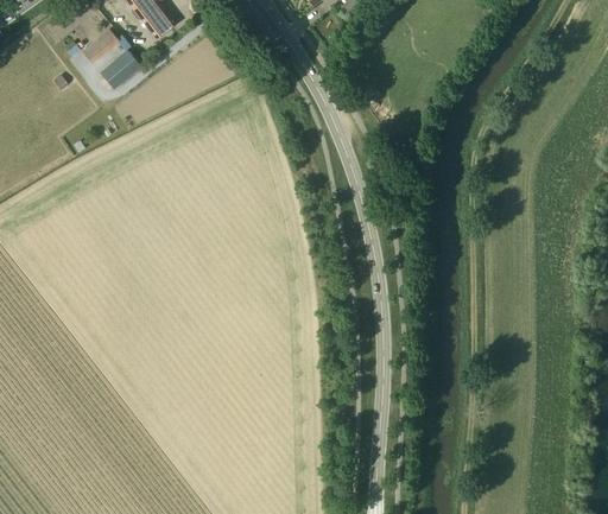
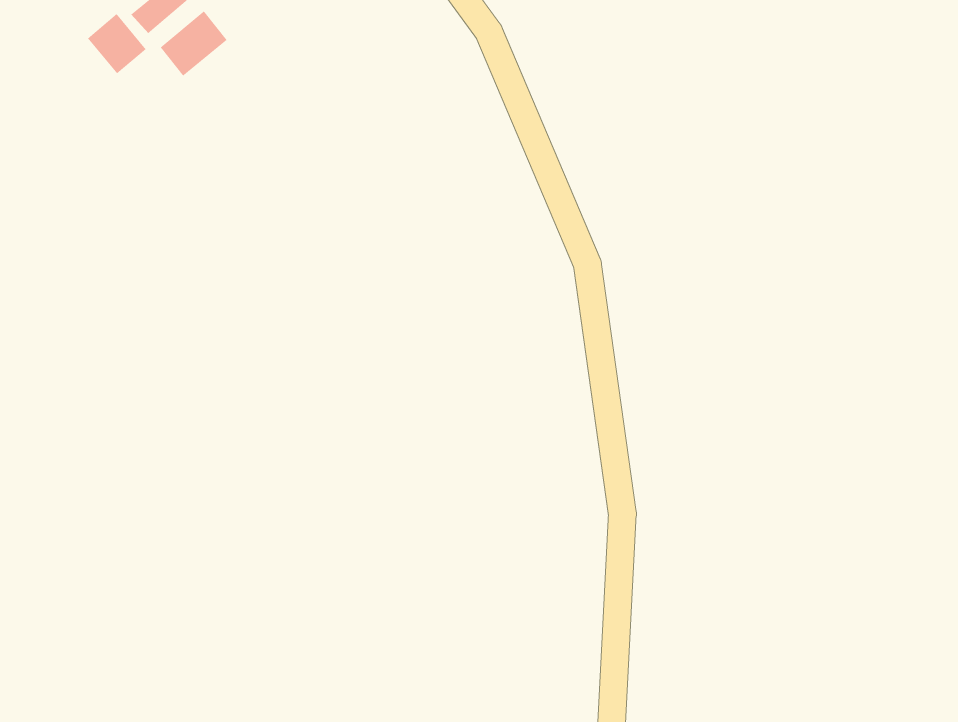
building: none -> [87,13,146,74]

